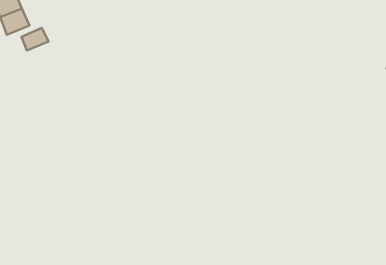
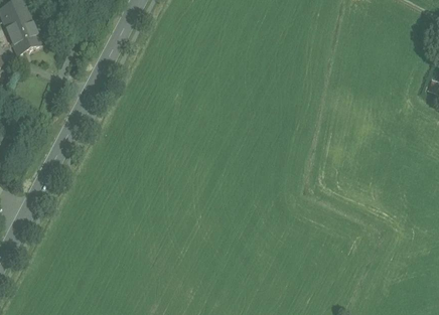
building: [21,28,48,51] -> none

